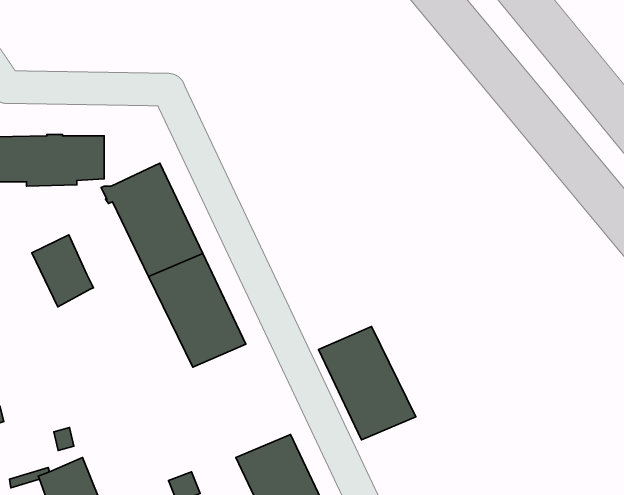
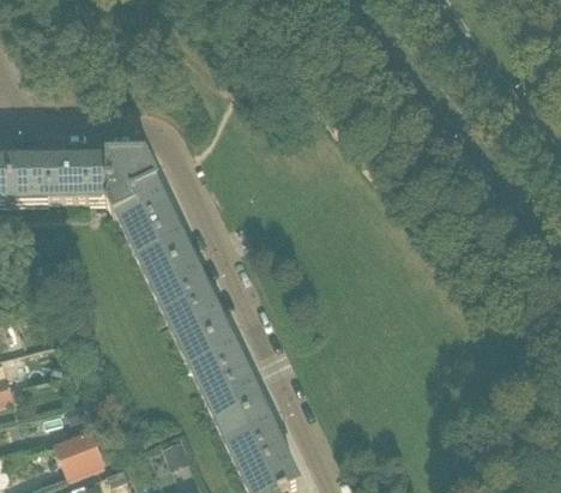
building: none -> [109,151,158,197]
building: [32,235,93,307] -> none
building: [318,326,416,440] -> [183,329,265,423]

